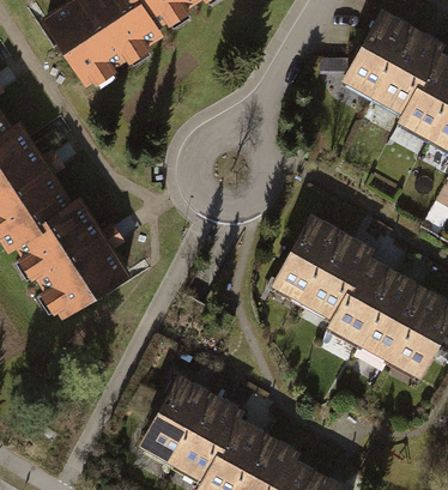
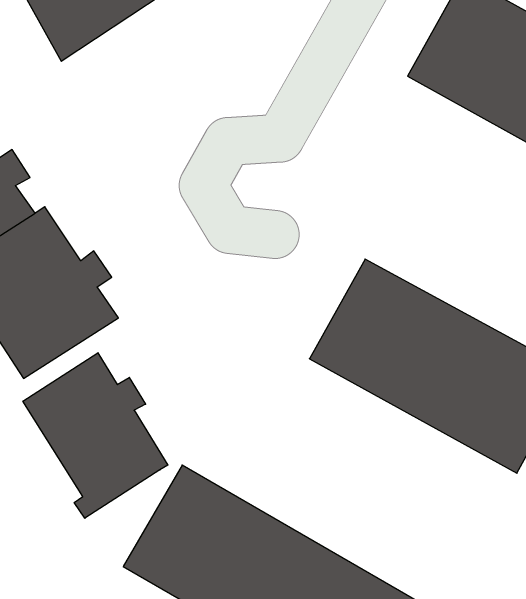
building: none -> [23,353,168,518]

